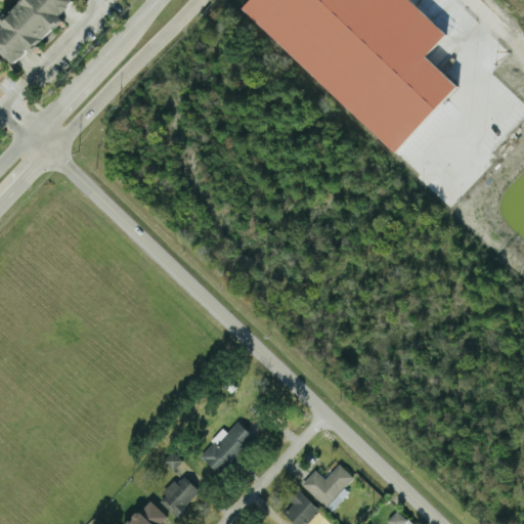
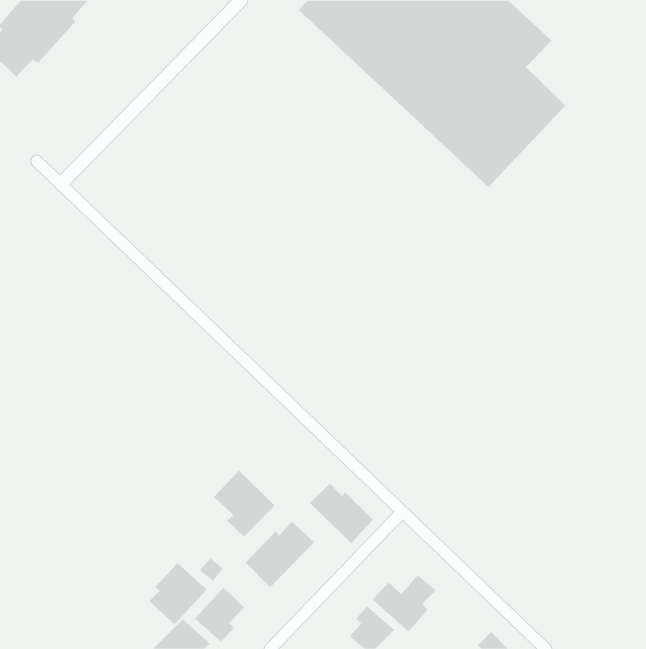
building: none -> [213,470,276,538]
building: none -> [309,483,374,544]
building: none -> [149,562,207,625]

